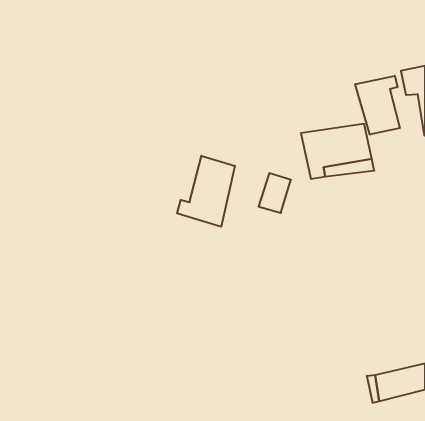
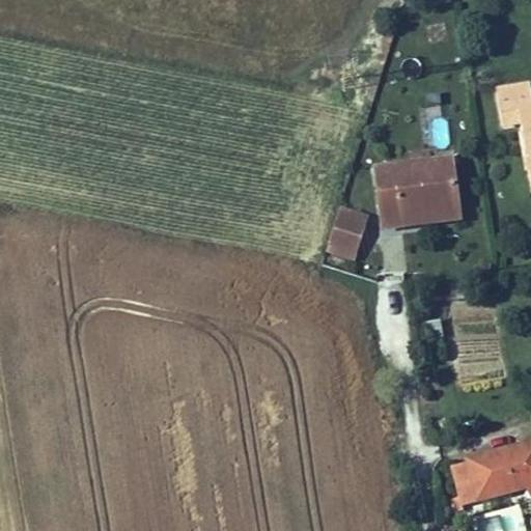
building: [355,76,400,135] -> none
building: [177,156,235,227] -> none

